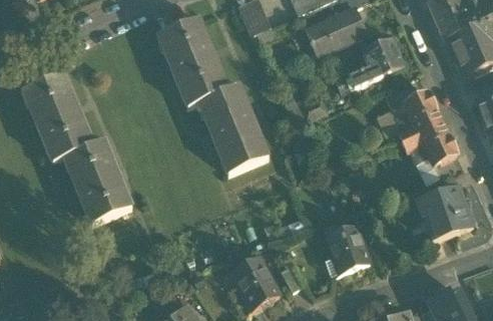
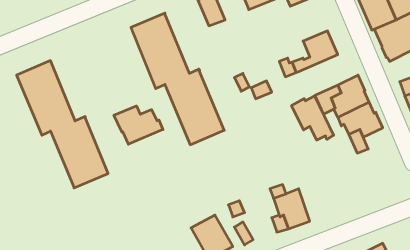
building: [307,8,366,54] -> none
building: none -> [292,96,334,140]
building: none -> [114,106,163,144]
building: [417,186,473,238] -> none

